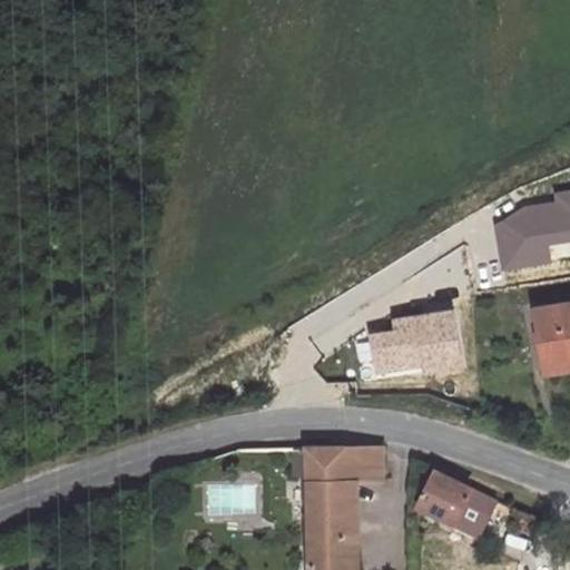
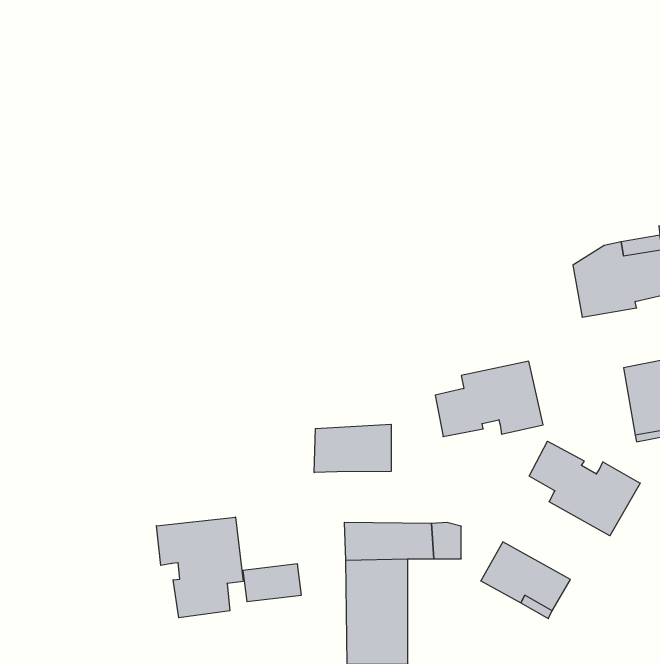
building: none -> [314,424,391,473]
building: none -> [529,441,640,536]
building: none -> [156,517,243,618]

